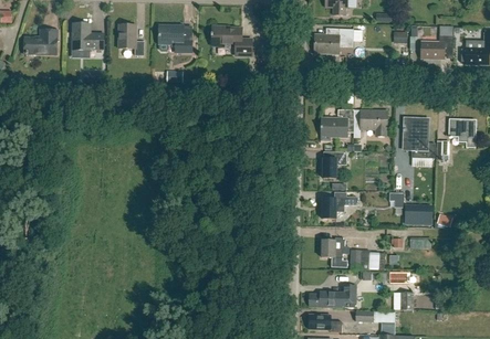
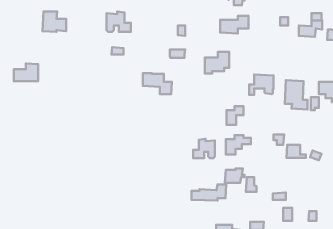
building: [118,24,144,55] -> none
building: [212,27,252,55] -> [143,73,172,94]
building: [24,29,58,53] -> [14,63,38,81]
building: [321,109,354,139] -> [205,52,229,74]
building: none -> [193,139,215,158]
building: [309,285,356,307] -> [191,184,226,201]

